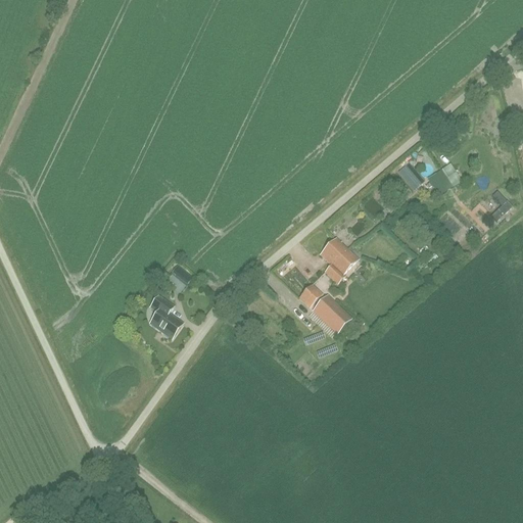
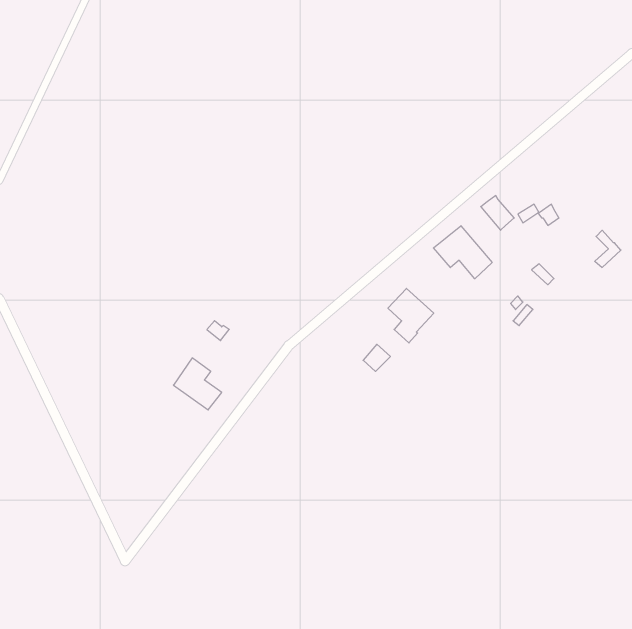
building: none -> [433,226,492,279]
building: [313,295,350,333] -> none

